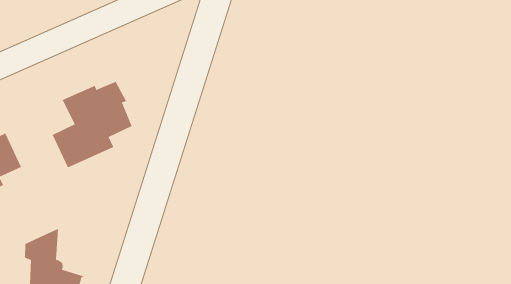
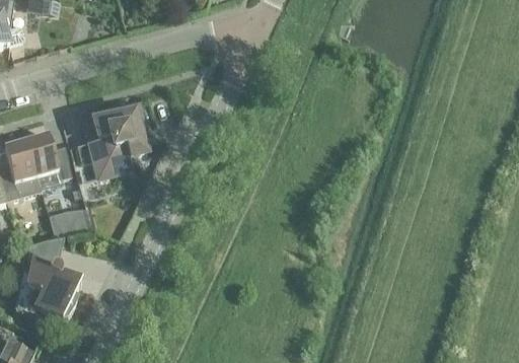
building: none -> [26,133,72,187]
building: none -> [50,204,92,238]

